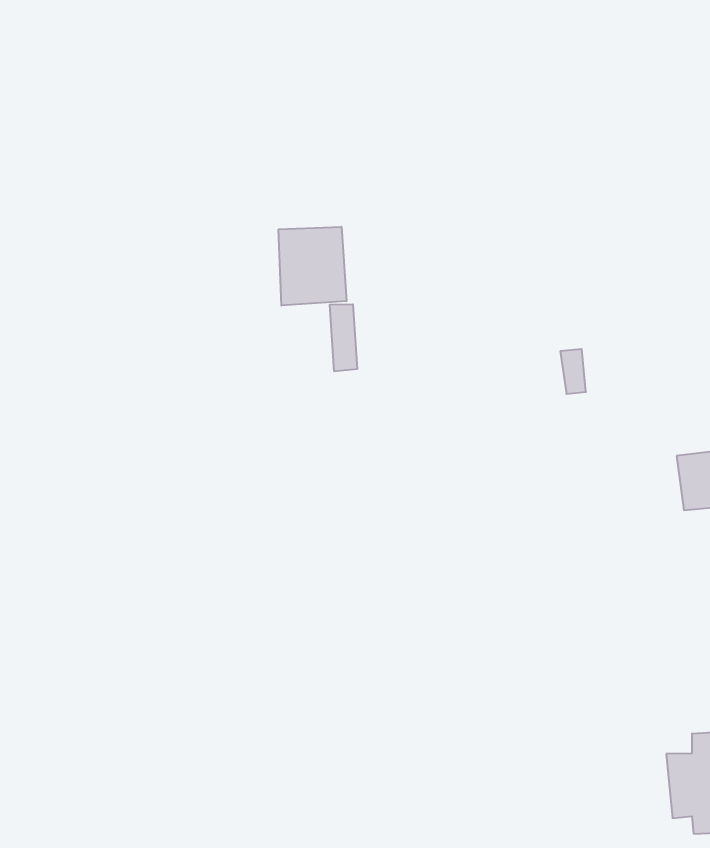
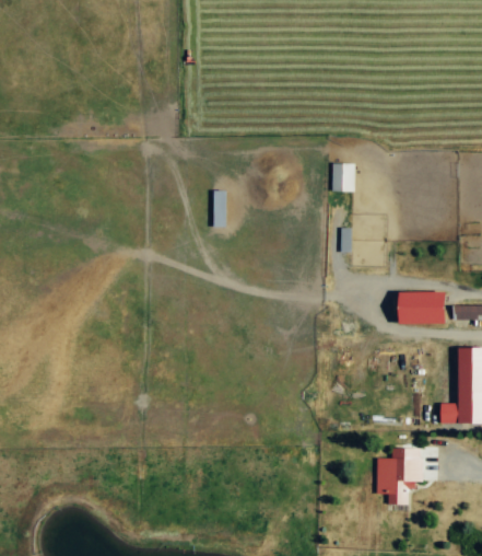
building: [279,227,346,306] -> none
building: none -> [332,163,355,192]

